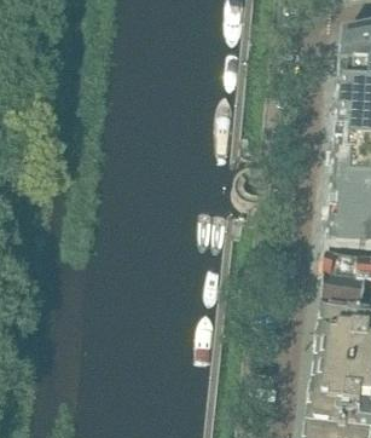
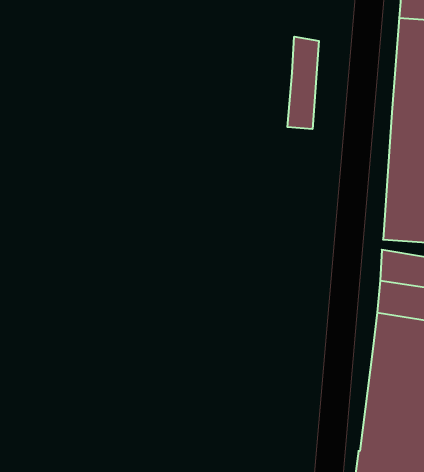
building: none -> [287,37,319,129]

